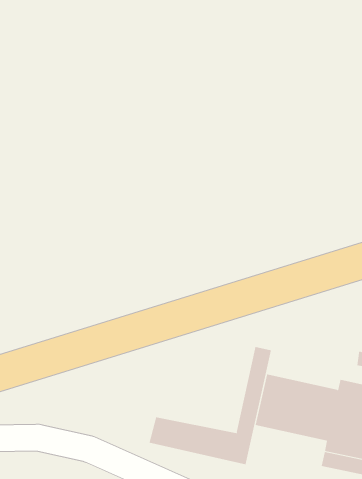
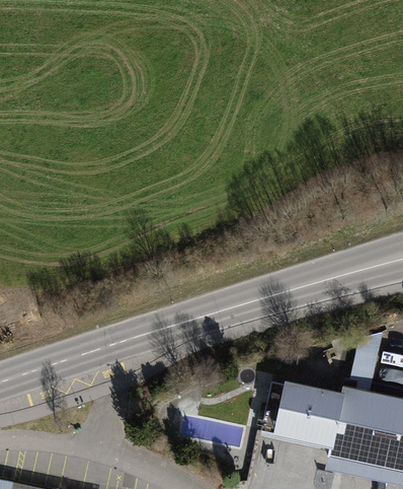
building: [149,346,272,465] -> none

